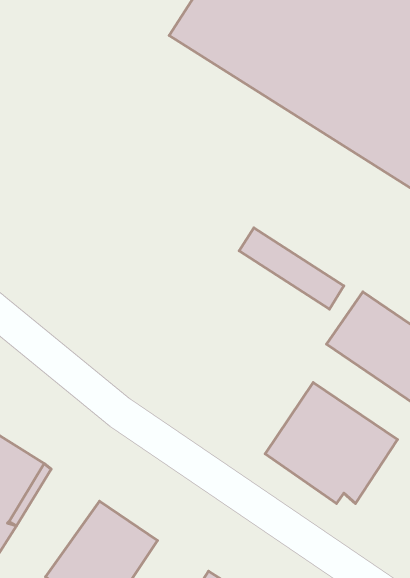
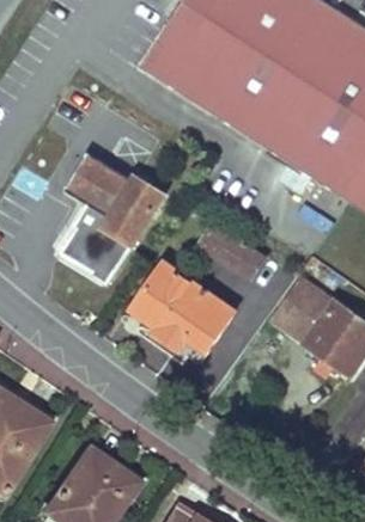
building: none -> [60,155,162,284]
building: [265,383,398,503] -> [124,263,233,362]

